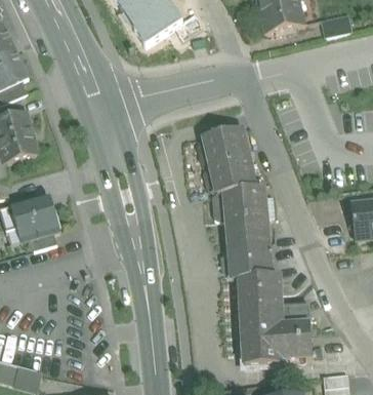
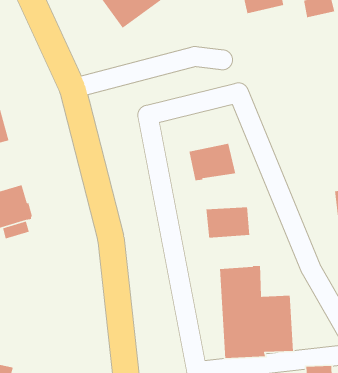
building: [203,126,249,164] -> none
building: [224,184,267,220] -> none
building: [230,245,272,278] -> none

